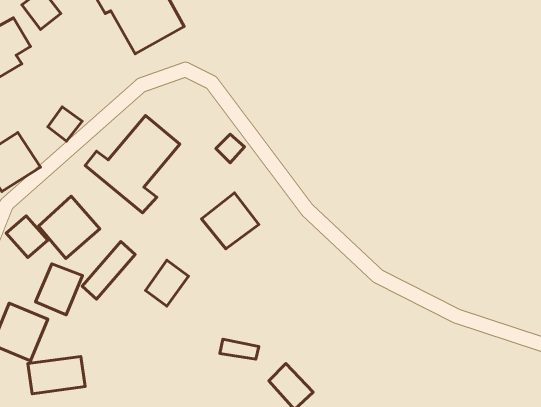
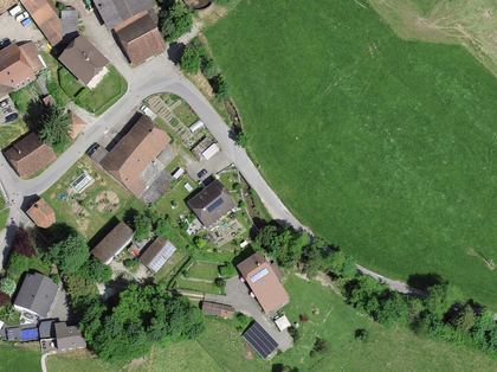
building: none -> [60,31,110,81]
building: [38,196,100,259] -> none
building: [35,264,82,315] -> none
building: none -> [234,254,288,313]

